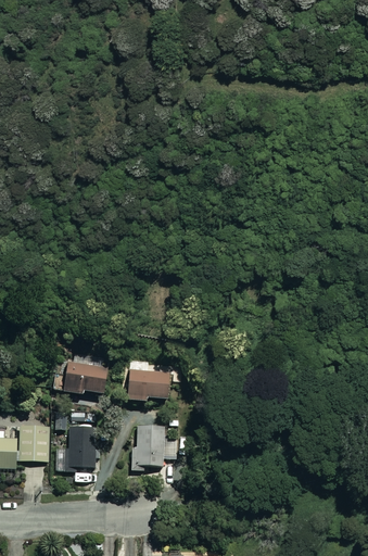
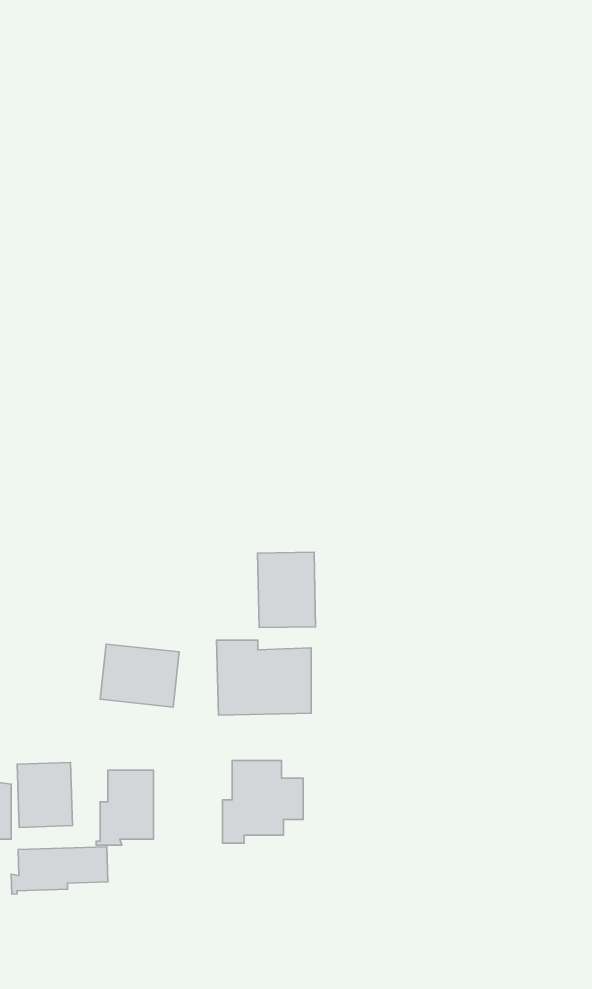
building: none -> [257,552,316,628]
building: none -> [11,847,108,894]

